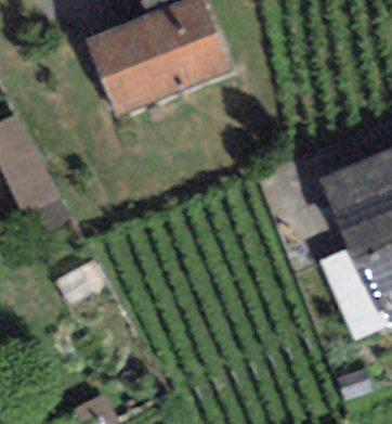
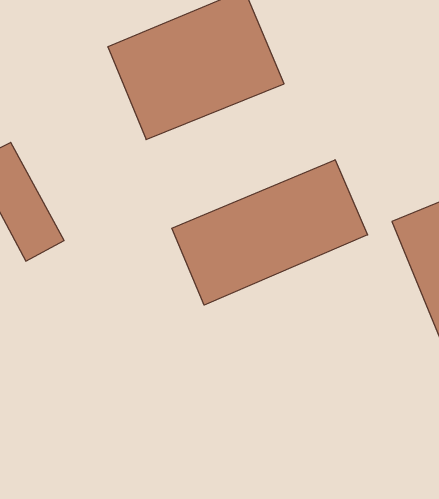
building: none -> [172,160,368,305]

